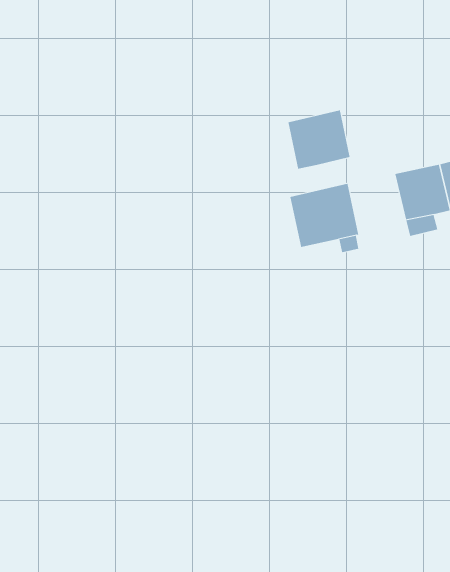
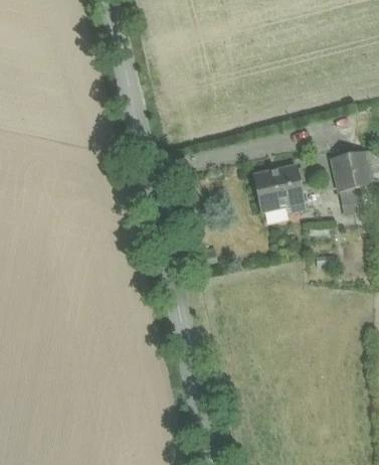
building: [288,110,350,169] -> none

